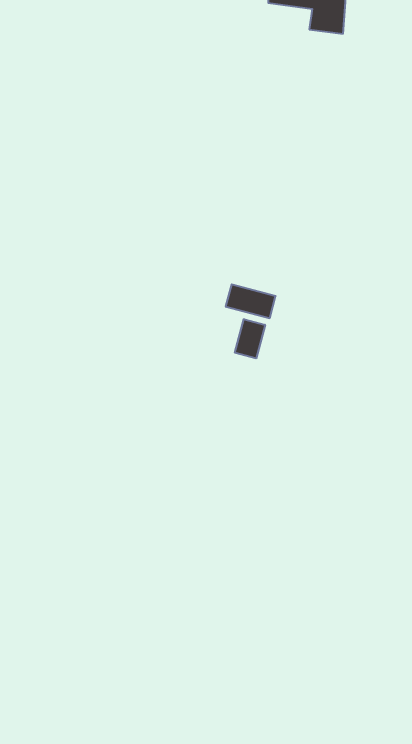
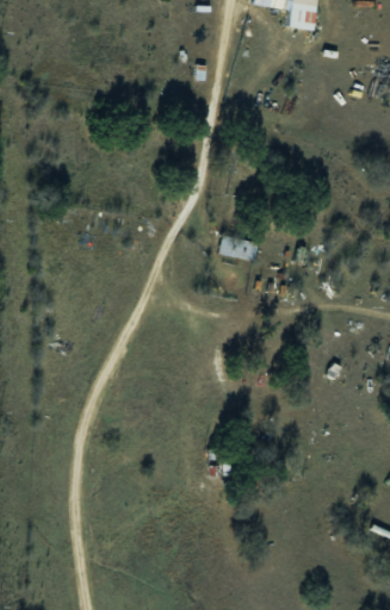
building: [235,319,265,358] -> none

